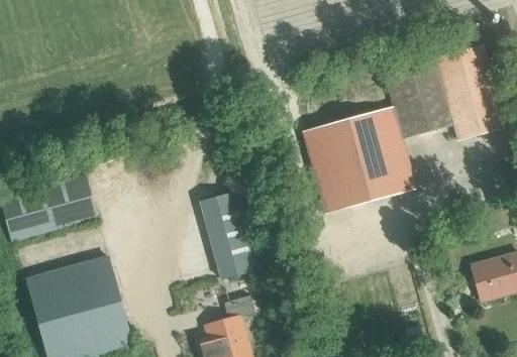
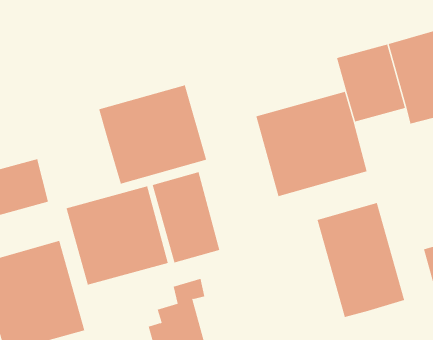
building: none -> [99,84,207,184]
building: none -> [66,185,168,285]
building: none -> [317,202,405,318]

